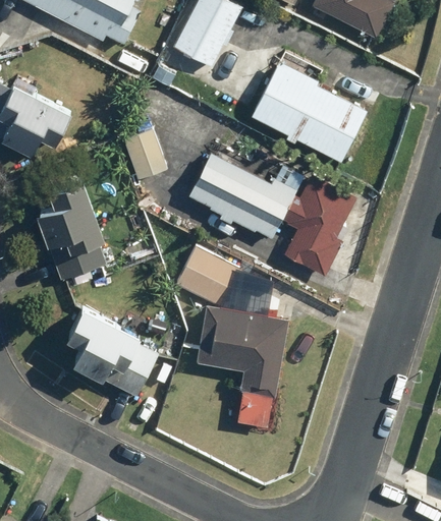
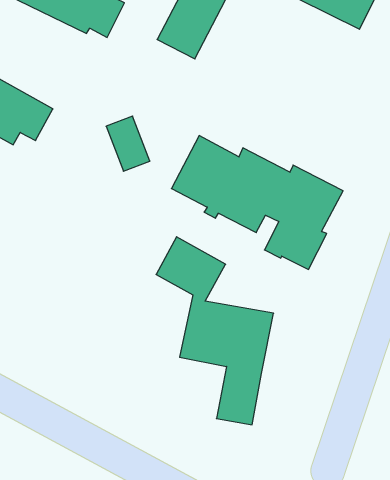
building: [250,62,368,161] -> none
building: [36,177,105,280] -> none
building: [64,304,168,408] -> none

